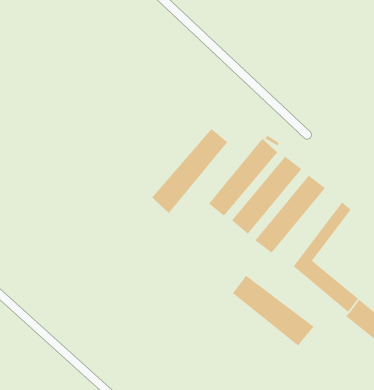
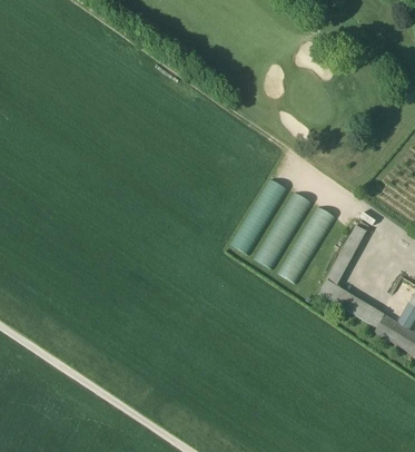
building: [151,128,228,214] -> none
building: [232,275,314,346] -> none

